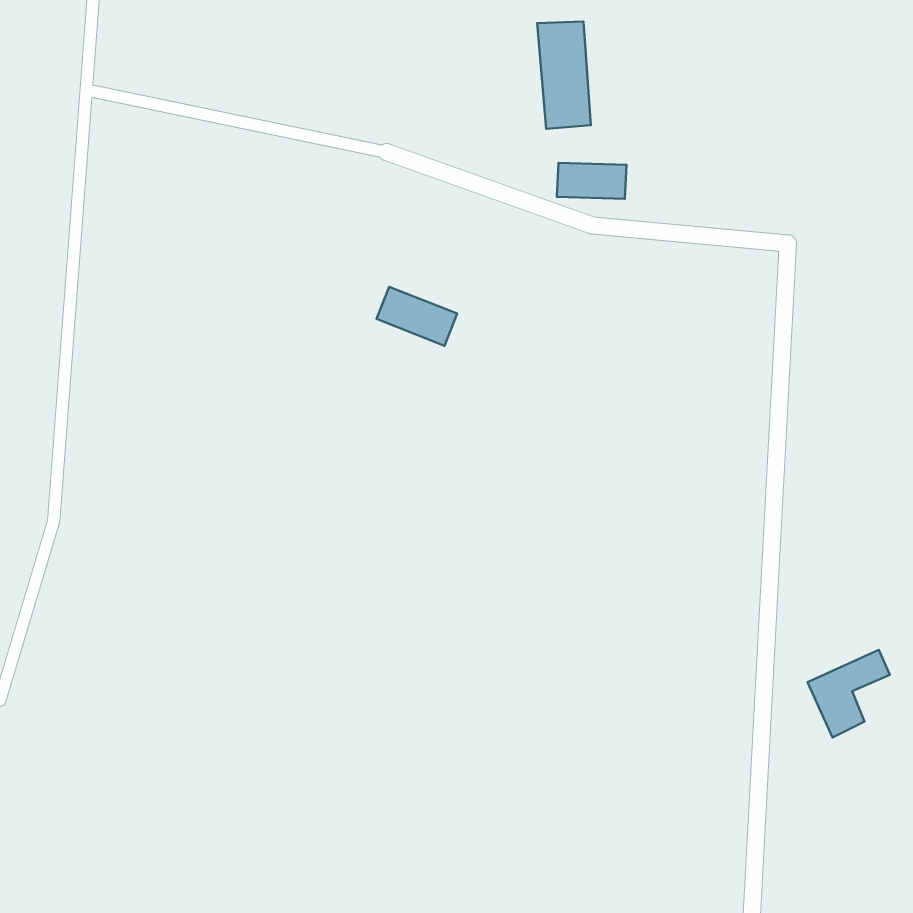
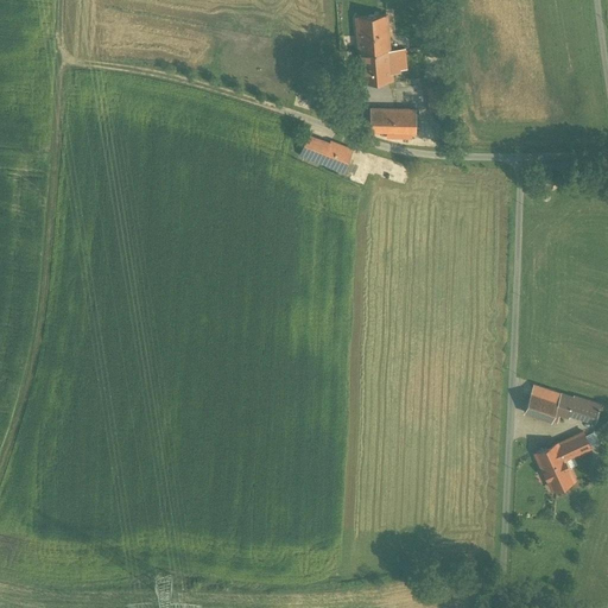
building: [377,287,457,346] -> [300,133,354,172]
building: none -> [525,386,602,423]

